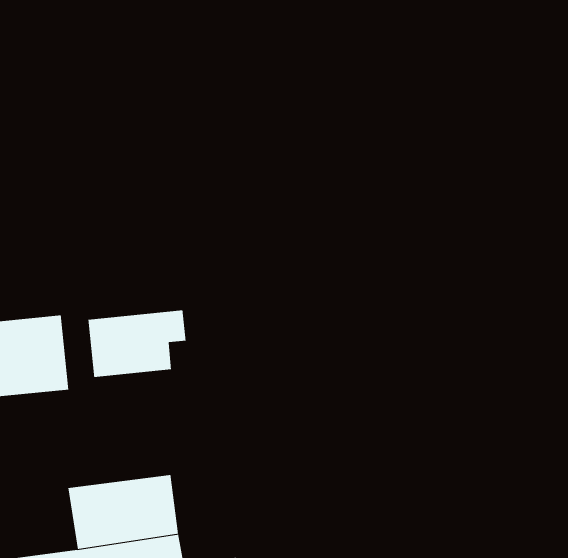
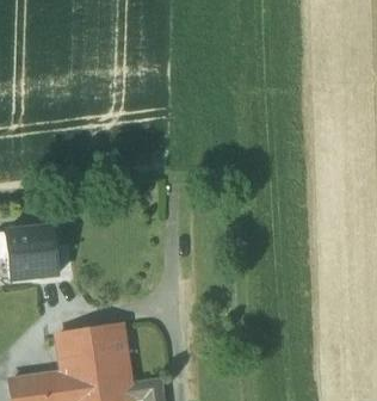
building: [88,310,186,378] -> none

